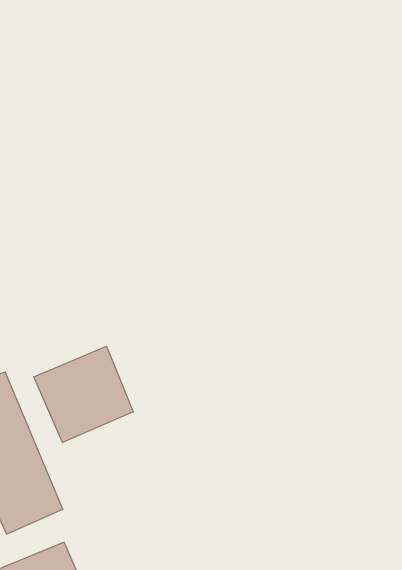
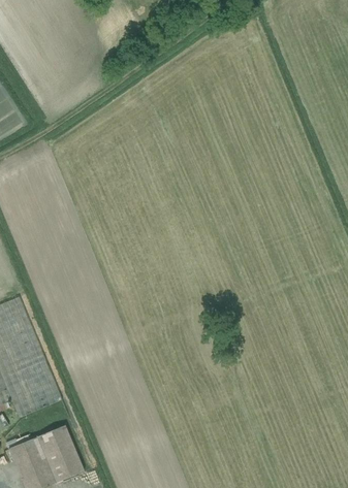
building: [34,346,133,443] -> none

